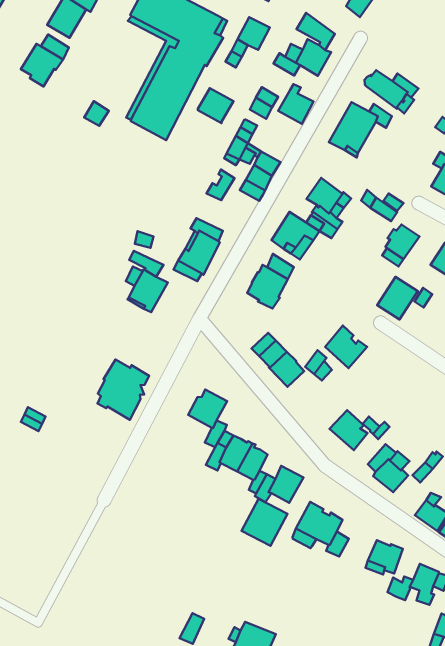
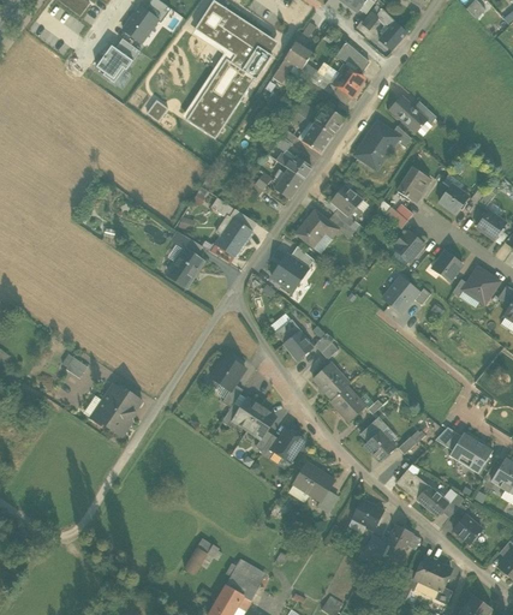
building: [198,88,233,123] -> [302,123,333,154]
building: none -> [396,166,431,202]
building: [325,325,367,368] -> [314,362,350,399]
building: [97,360,149,420] -> [95,383,142,436]
building: [242,499,288,546] -> none

